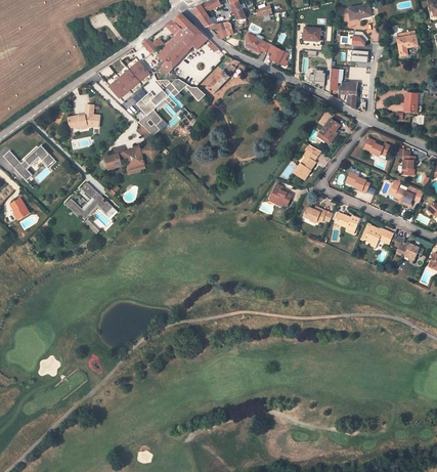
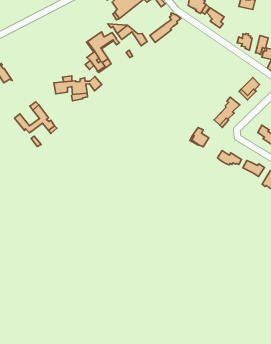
building: [108,61,148,98] -> none
building: [67,104,99,129] -> none

